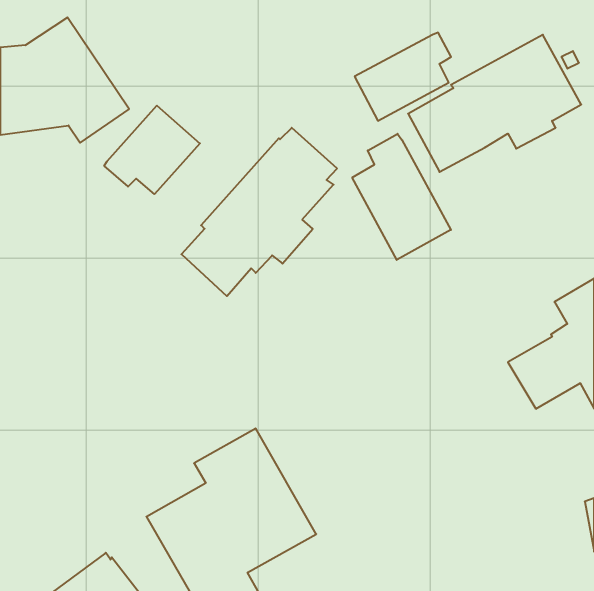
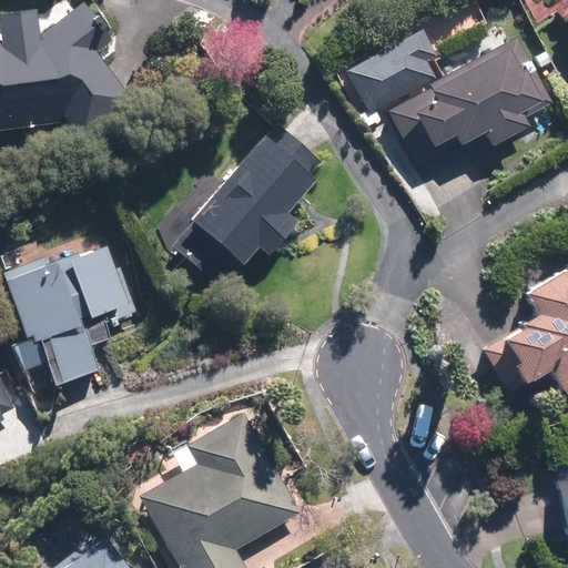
building: [104,106,200,194] -> none
building: [352,134,451,260] -> none
building: none -> [4,244,133,385]

